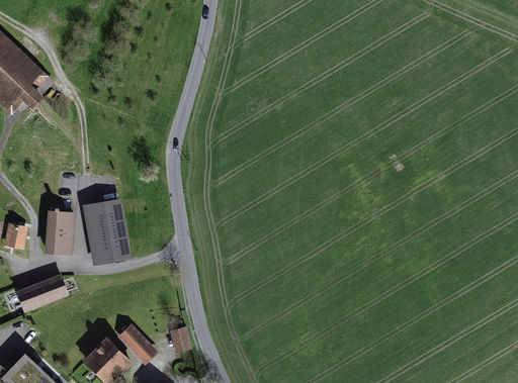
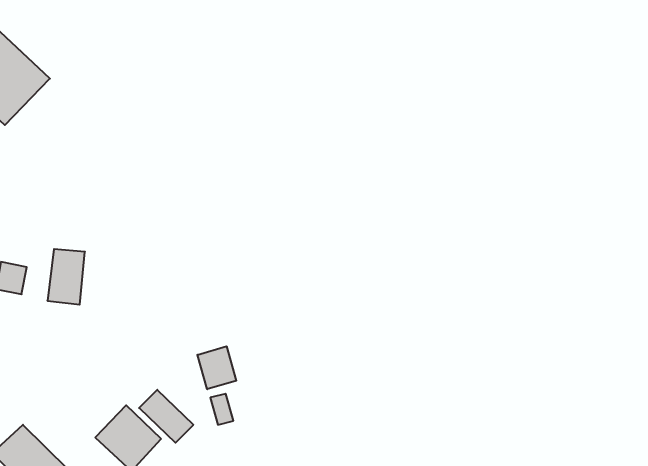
building: [84,201,124,258] -> none
building: [15,273,67,310] -> none
building: none -> [197,346,236,389]

